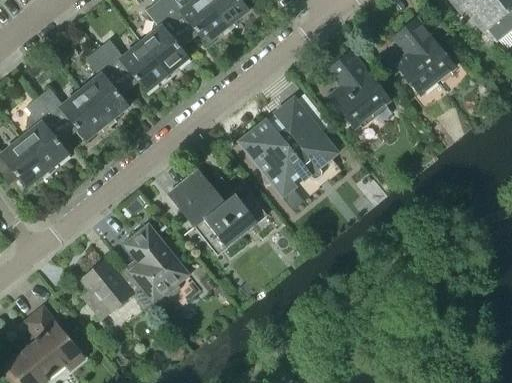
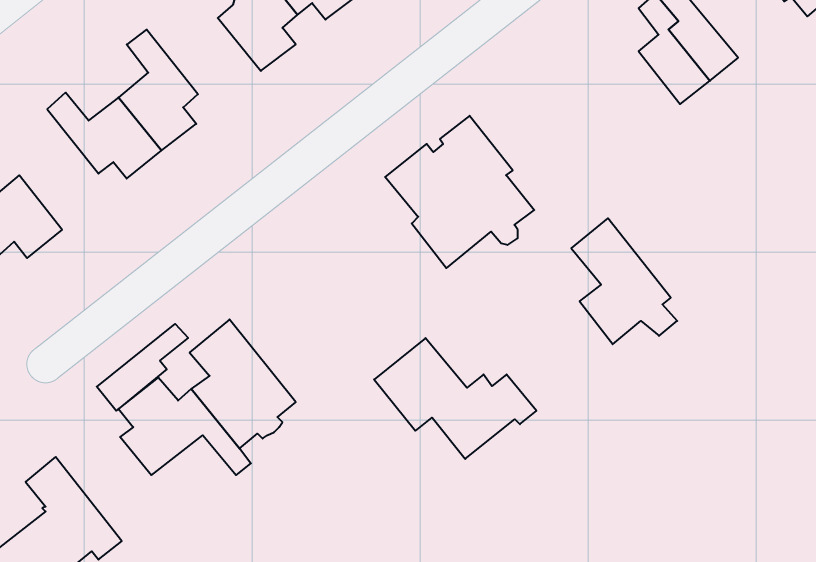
building: [98,39,167,91] -> none
building: [329,51,393,127] -> [571,218,677,344]
building: [21,97,69,170] -> none
building: [169,171,267,244] -> [374,338,536,459]
building: none -> [97,324,188,411]

